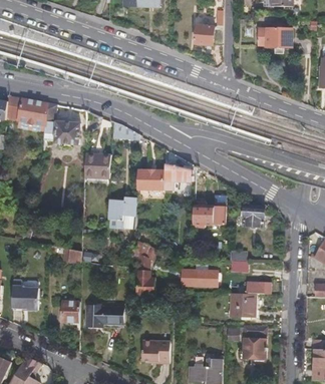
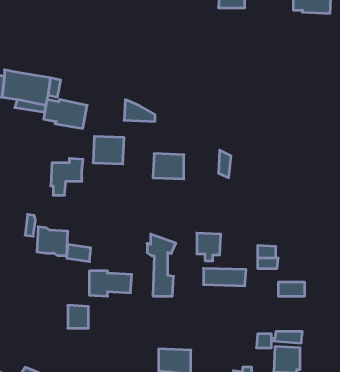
building: [164,163,192,190] -> none
building: [108,195,136,227] -> [51,158,83,195]
building: [242,205,262,226] -> none
building: [203,206,224,230] -> [197,233,221,261]
building: [11,284,38,309] -> [37,227,68,255]
building: [230,292,255,318] -> none
building: [86,304,123,326] -> [89,271,132,296]

